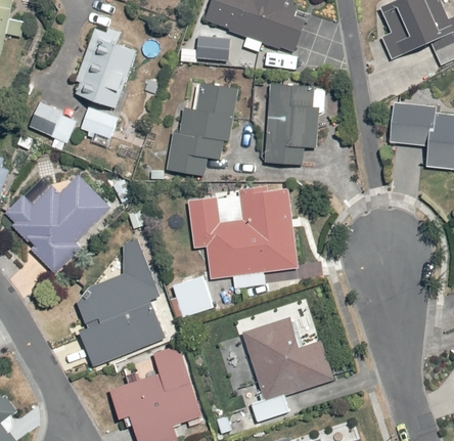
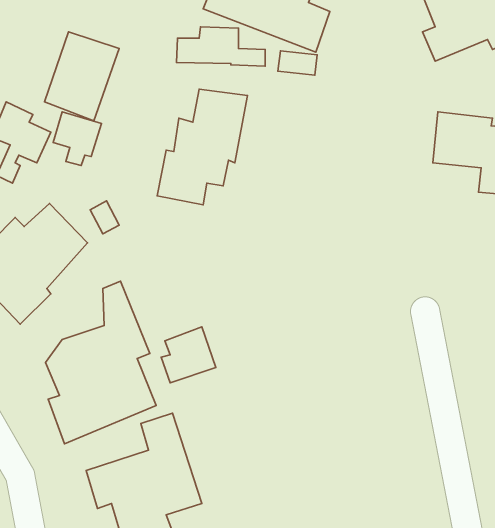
building: [263,84,318,166] -> none
building: [186,188,298,279] -> none
building: [240,317,332,399] -> none

